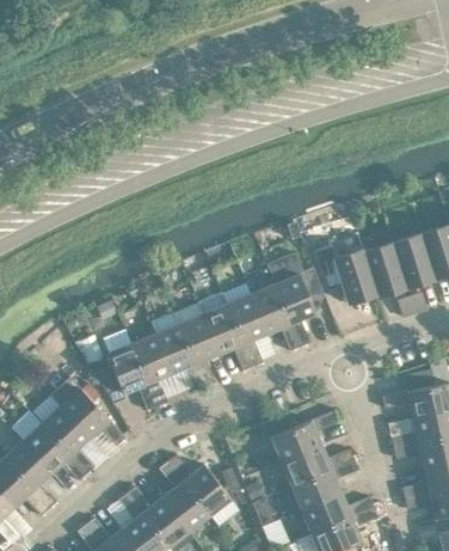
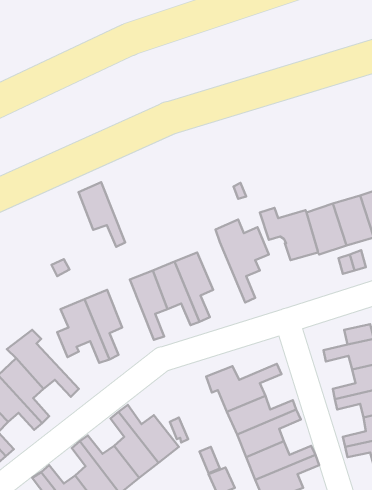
building: [250,283,300,351] -> none
building: [155,323,204,391] -> [78,182,125,247]

